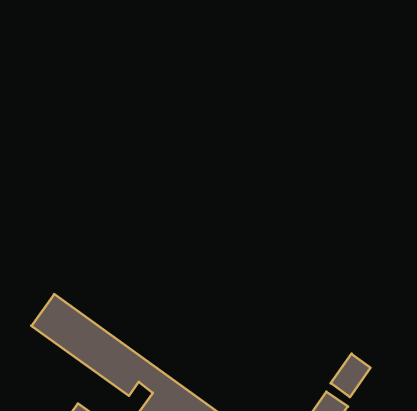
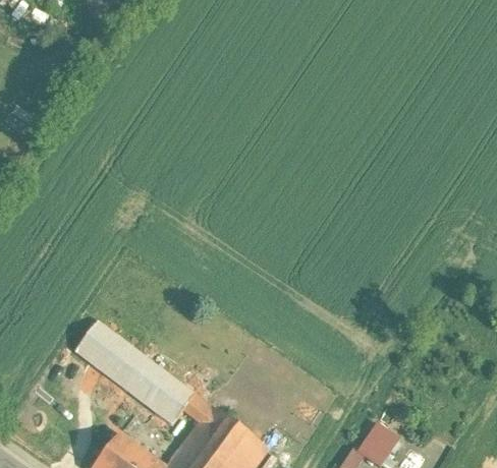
building: [331,354,370,397] -> none

